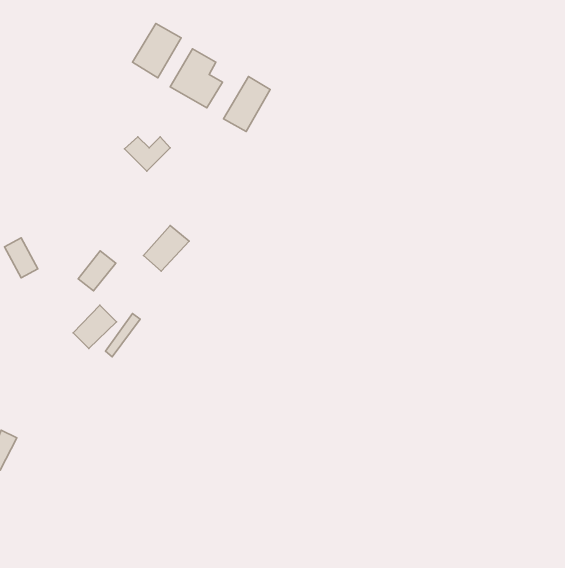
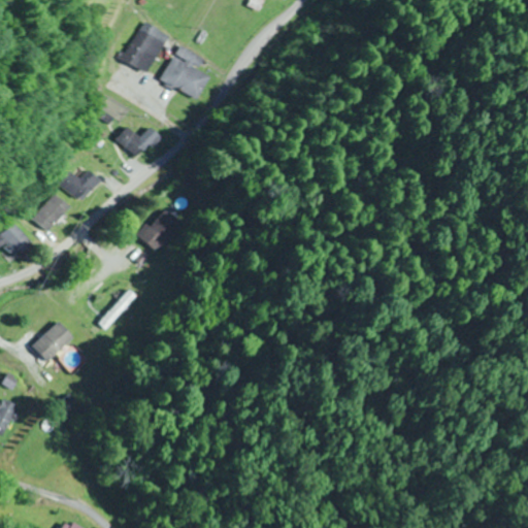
building: [224,76,270,131] -> none
building: none -> [63,170,102,202]
building: [78,251,116,291] -> [37,195,72,232]
building: [73,305,117,348] -> [31,322,71,362]

